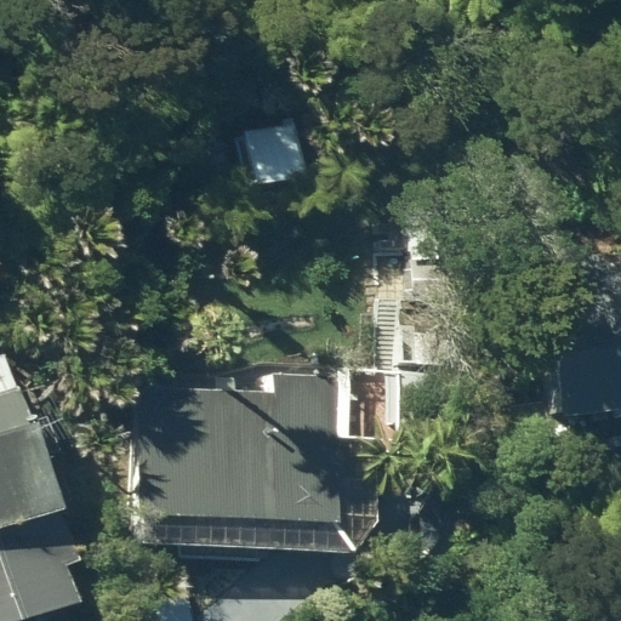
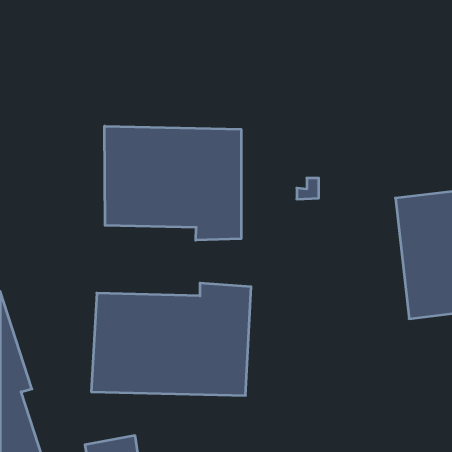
building: none -> [105,126,241,240]

